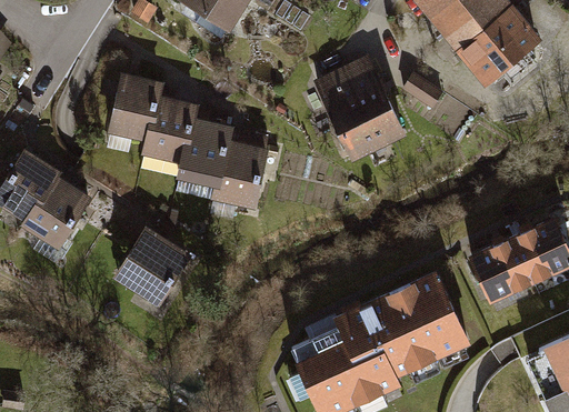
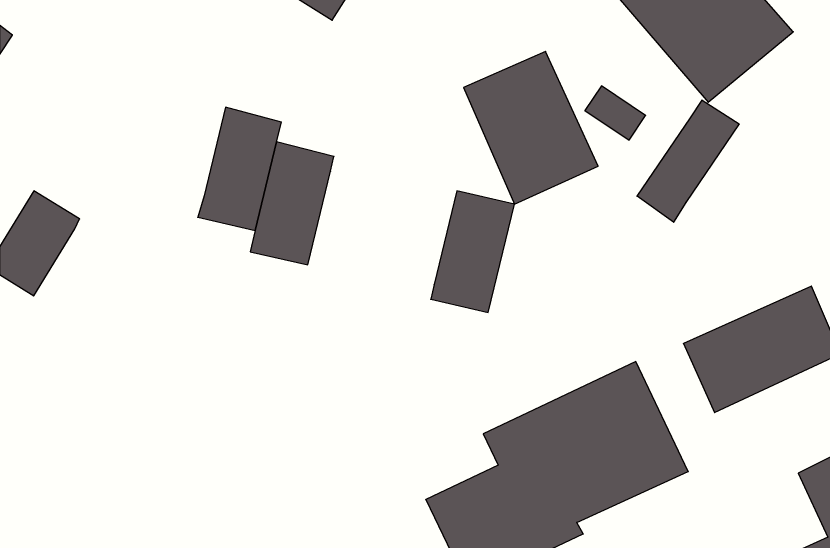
building: [104,70,161,153] -> none
building: none -> [637,100,739,222]
building: [211,137,268,219] -> [431,191,514,312]
building: [21,175,90,252] -> none
building: [119,219,196,307] -> none

